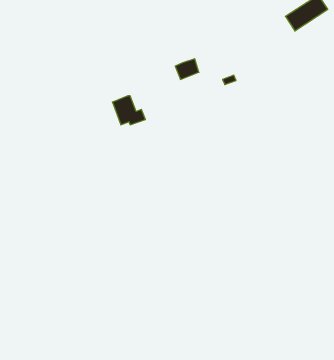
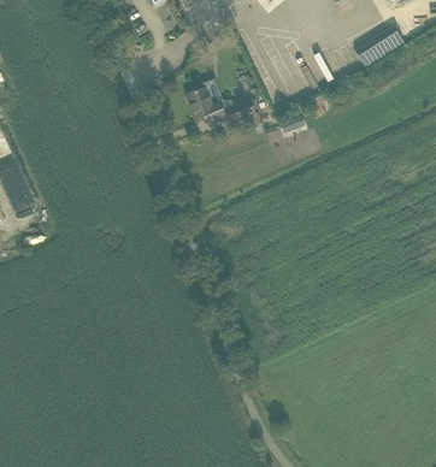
building: [112,96,145,125] -> [188,87,226,120]

